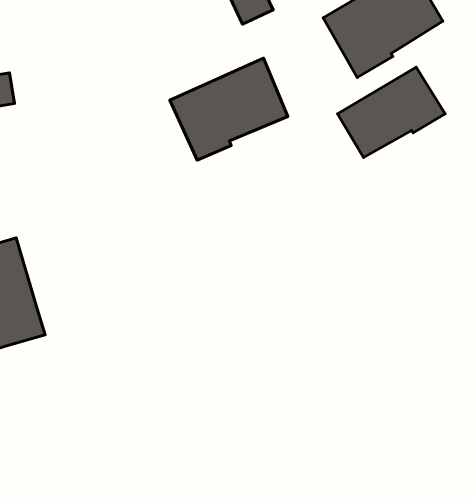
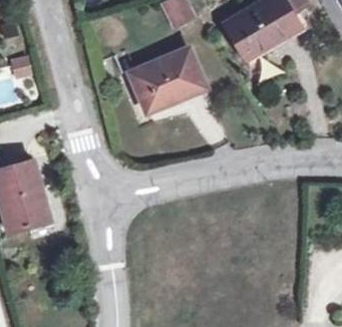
building: [337,67,445,158] -> none

